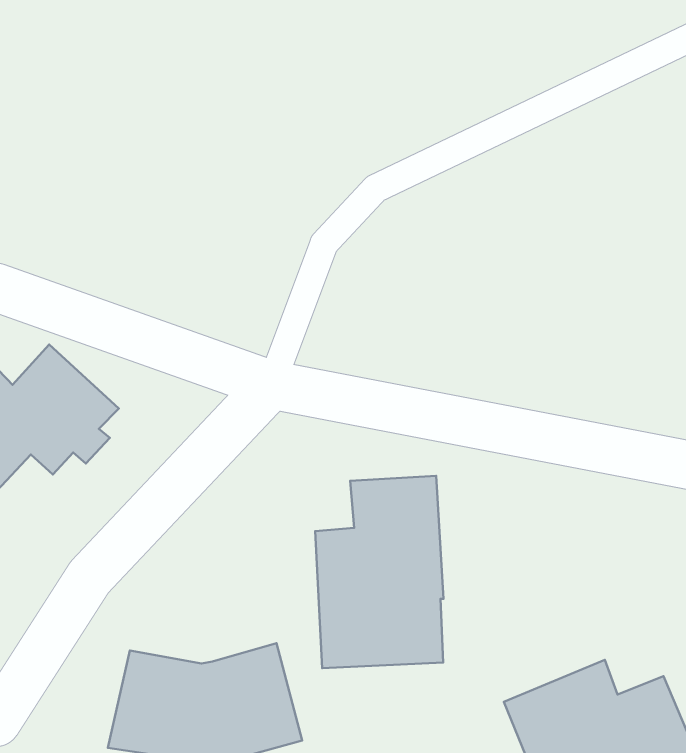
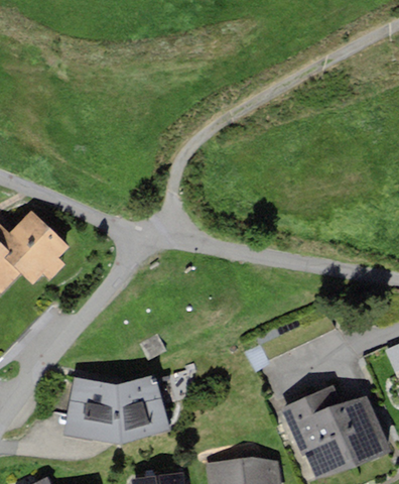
building: [315,476,444,668] -> none

